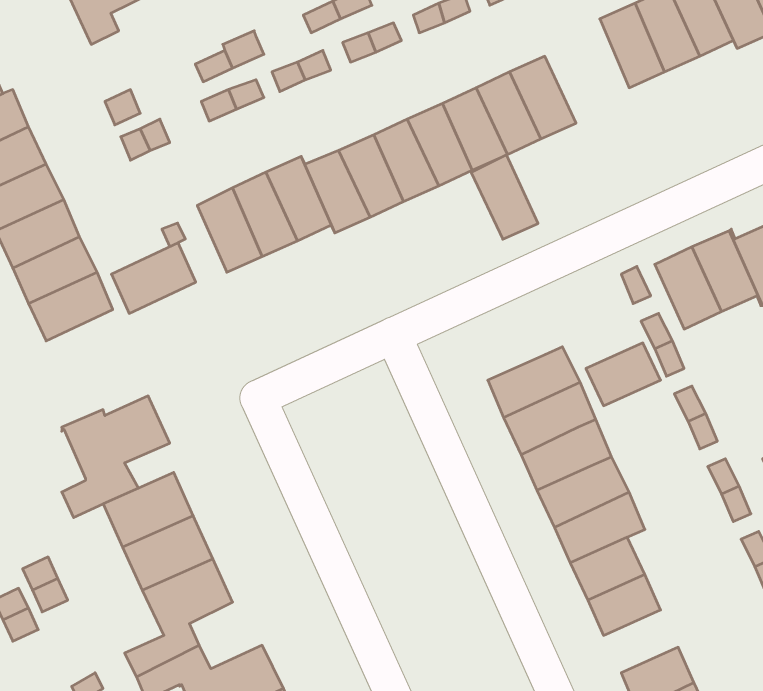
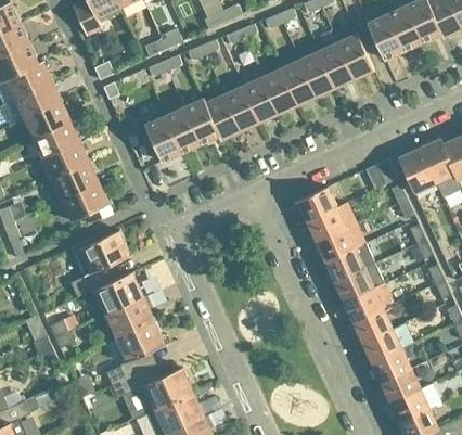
building: [471,155,538,239] -> [337,33,374,79]
building: [111,243,196,313] -> [62,182,108,221]
building: [586,343,661,406] -> [296,187,337,221]
building: none -> [370,348,411,383]

